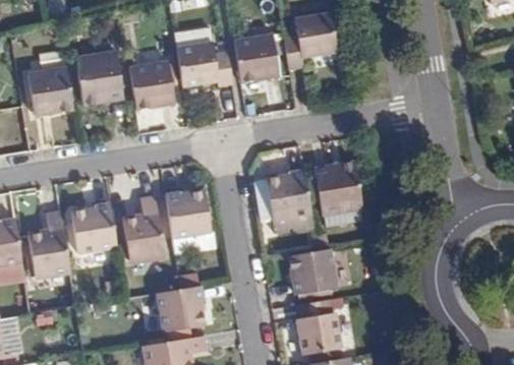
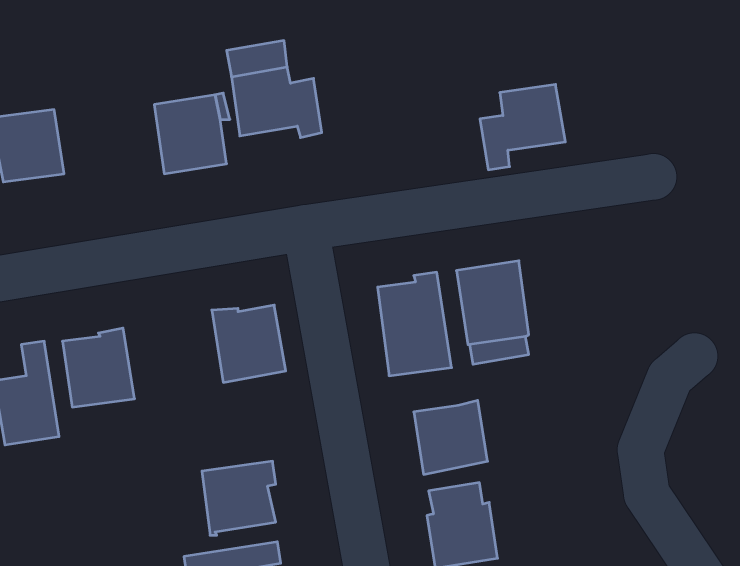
building: [283,14,336,67] -> [480,84,565,170]
building: [233,34,277,81] -> none
building: [74,50,122,105] -> none
building: [124,195,164,261] -> none

